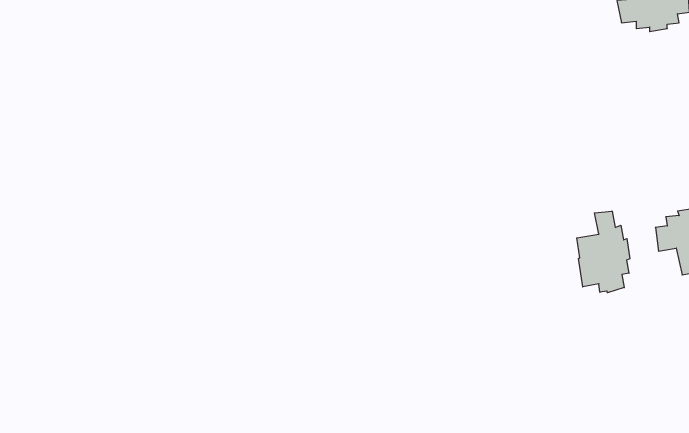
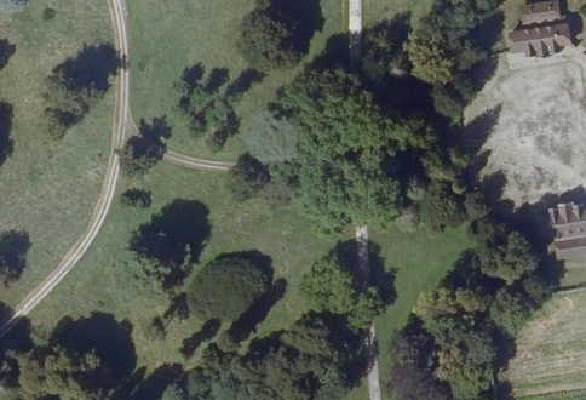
building: [577,211,630,293] -> none

